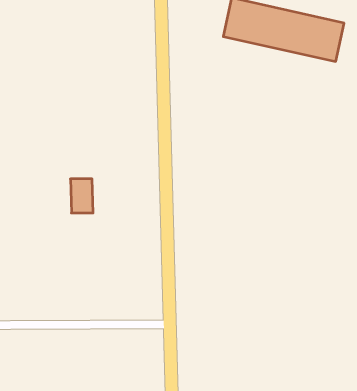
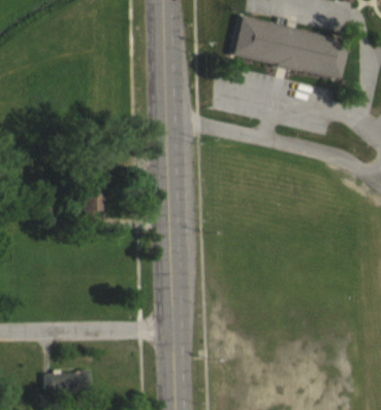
building: none -> [42,380,89,400]

